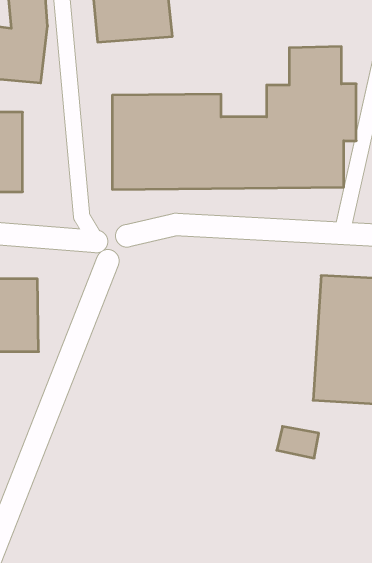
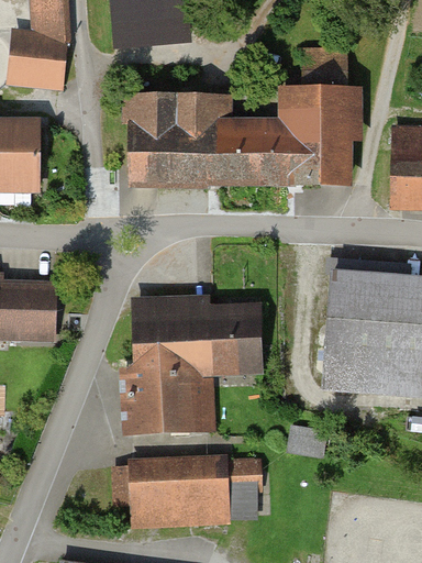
building: none -> [120,296,264,435]
building: none -> [126,454,263,526]

